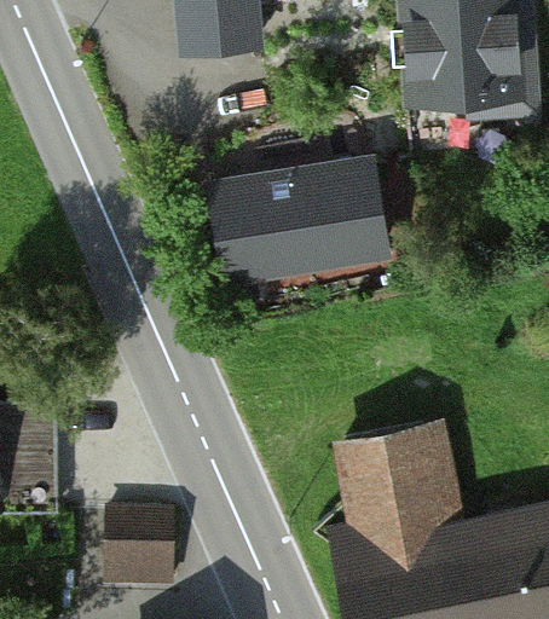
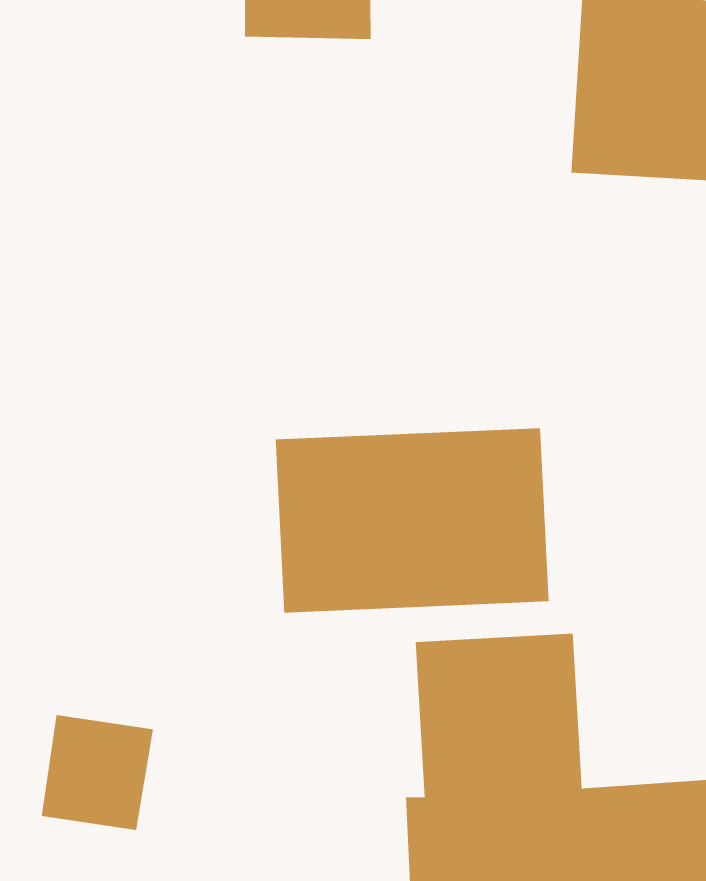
building: [206,155,394,293] -> [275,428,549,613]

